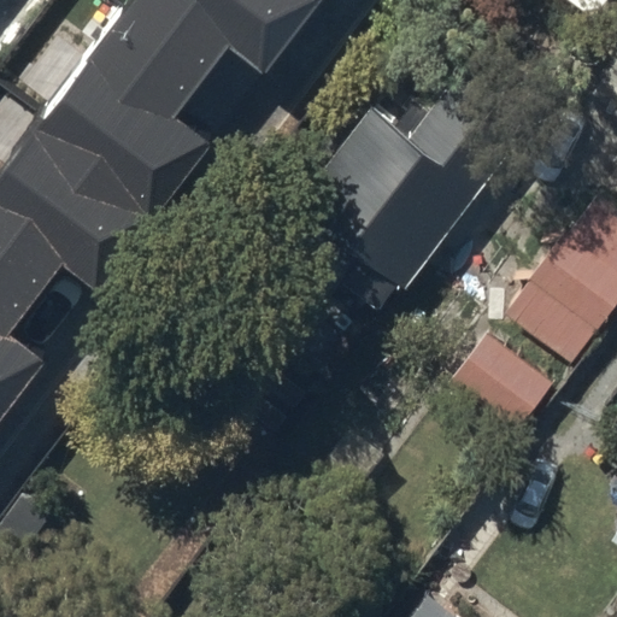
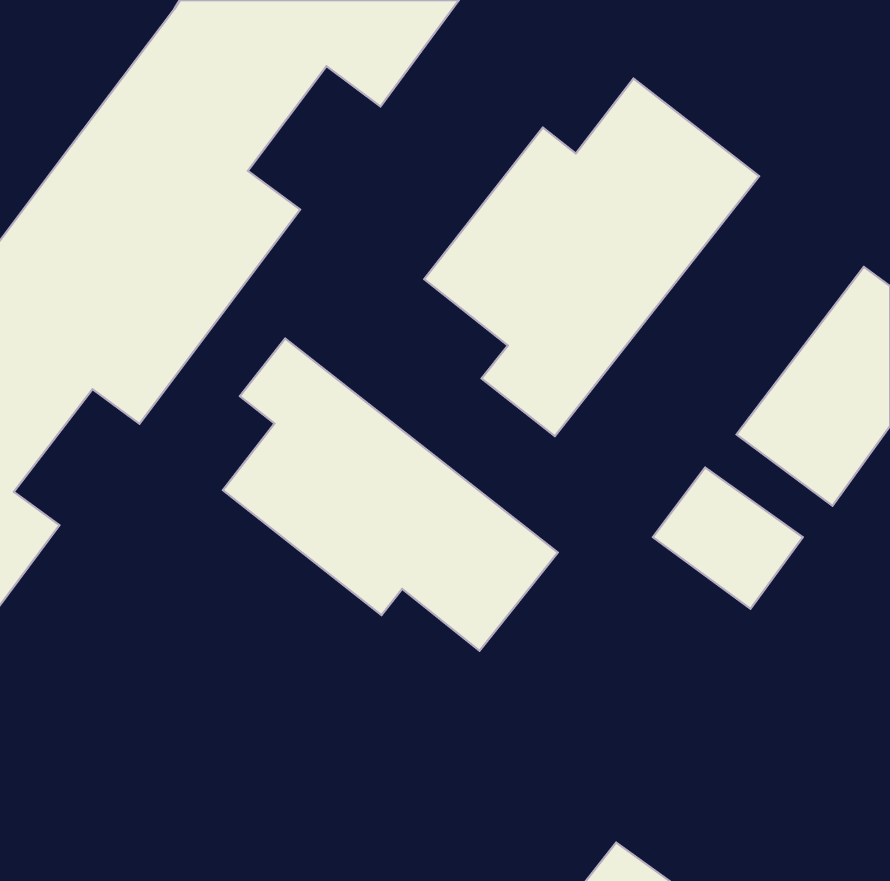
building: none -> [223,338,558,651]

